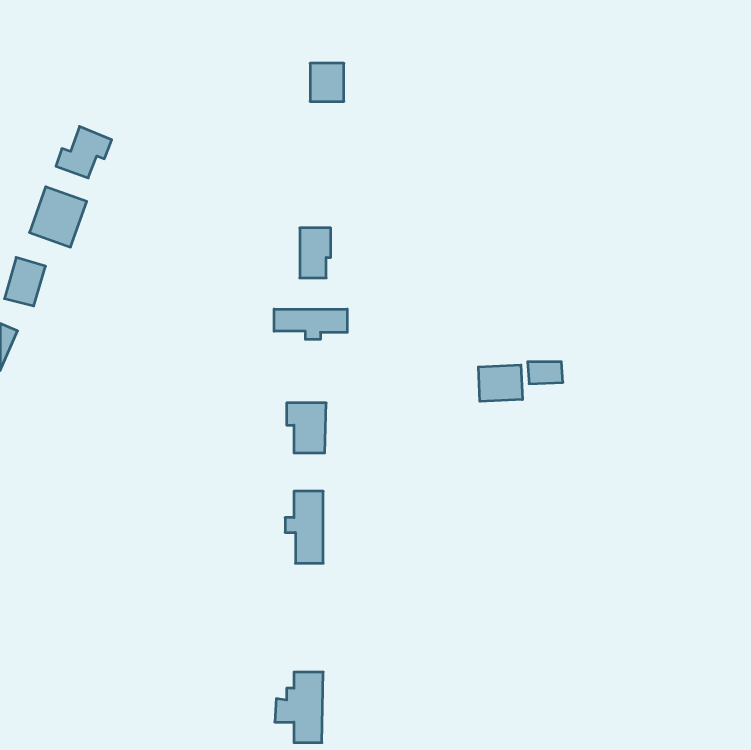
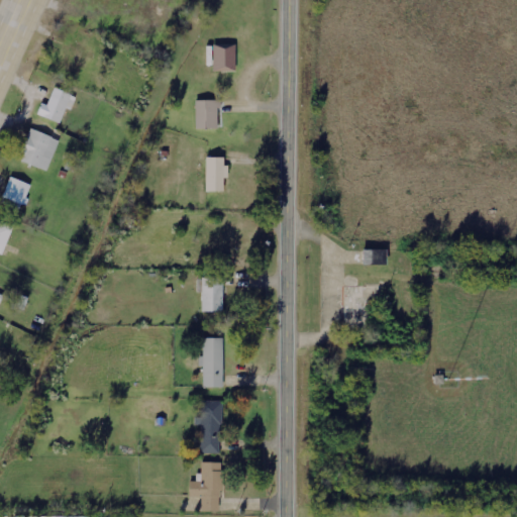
building: none -> [194,101,216,127]
building: [274,309,347,339] -> none
building: [478,365,522,401] -> none
building: none -> [201,400,221,452]

